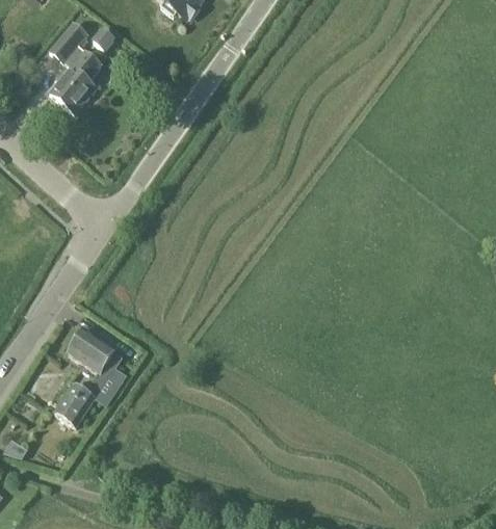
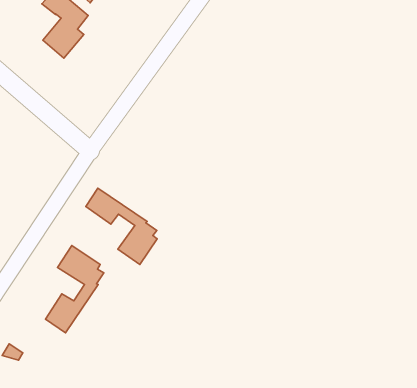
building: none -> [86,188,157,264]

